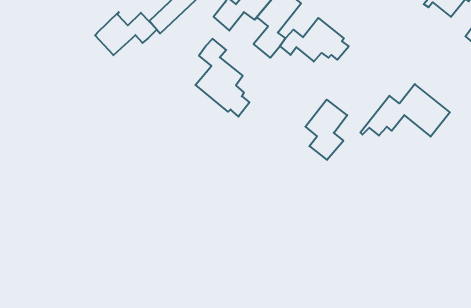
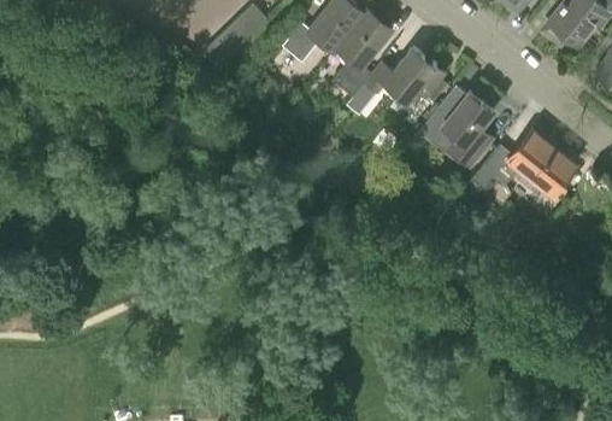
building: [95,12,157,55] -> none
building: [195,39,249,117] -> none
building: [305,100,347,160] -> [442,92,494,166]

